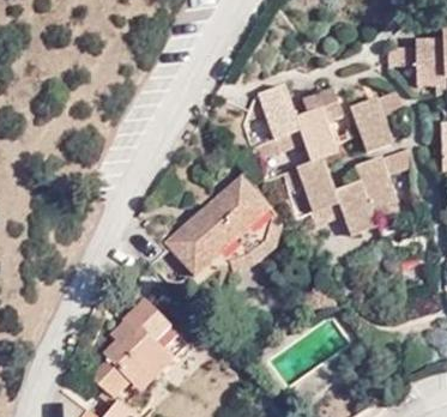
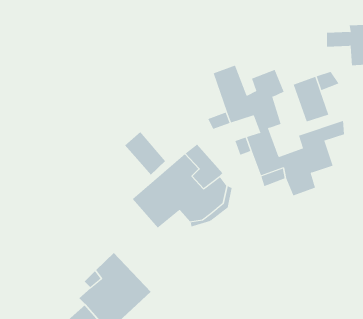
building: none -> [124,131,166,176]

